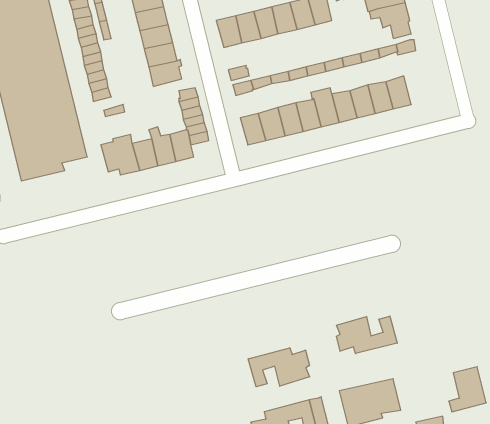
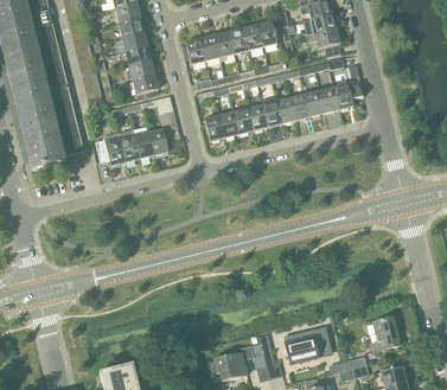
building: none -> [333,79,363,108]
building: [336,316,397,354] -> none
building: [248,348,310,387] -> none

